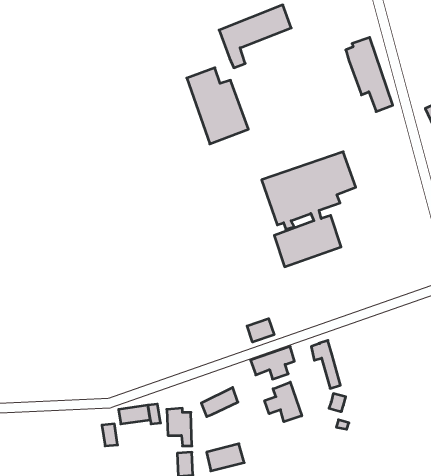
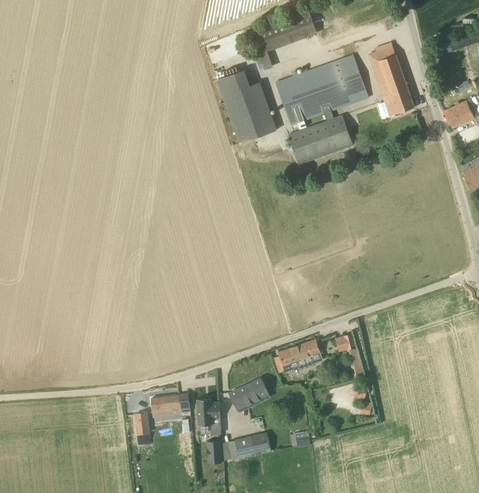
building: [262,152,356,267] -> [275,55,365,165]
building: [247,319,274,342] -> none
building: [265,382,302,422] -> none

